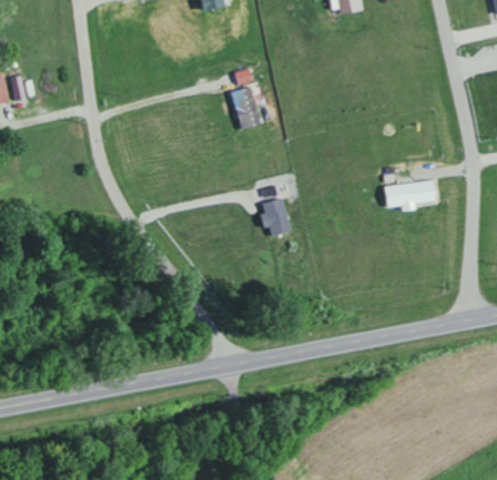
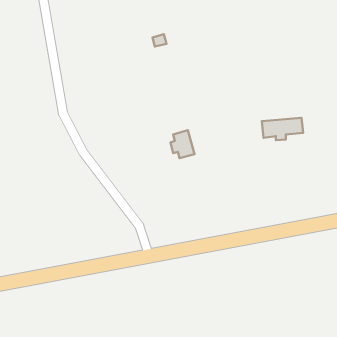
building: [232,86,261,127] -> none

